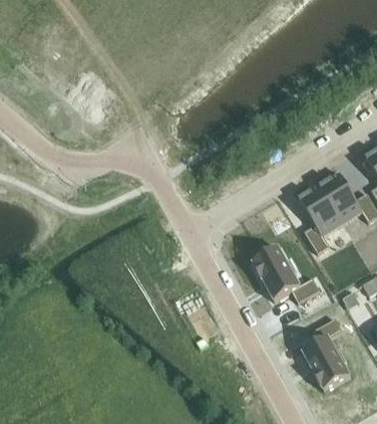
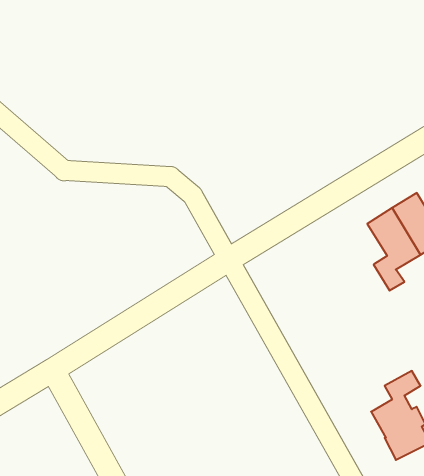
building: [252,248,320,302] -> none

